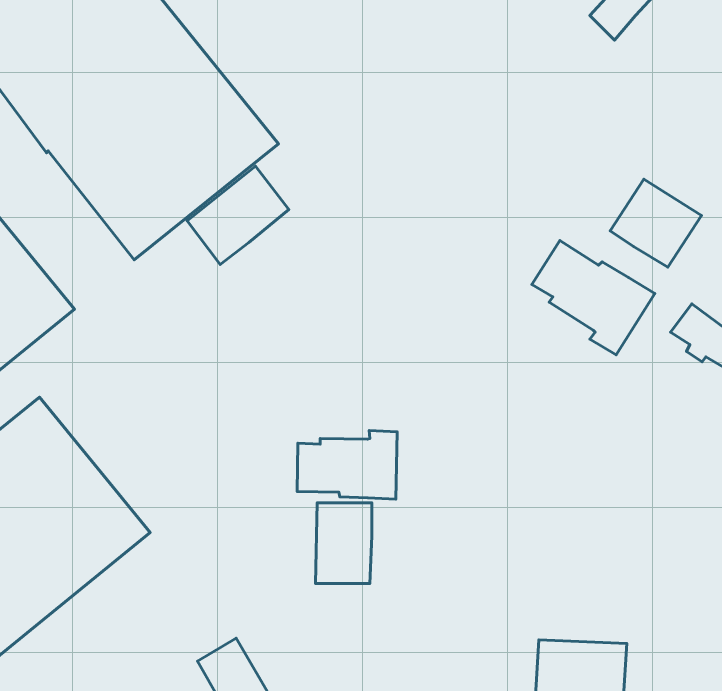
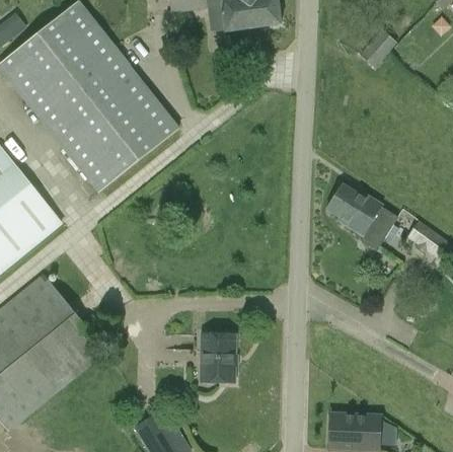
building: [187,166,289,264] -> none
building: [610,179,702,267] -> none
building: [297,430,397,499] -> none

